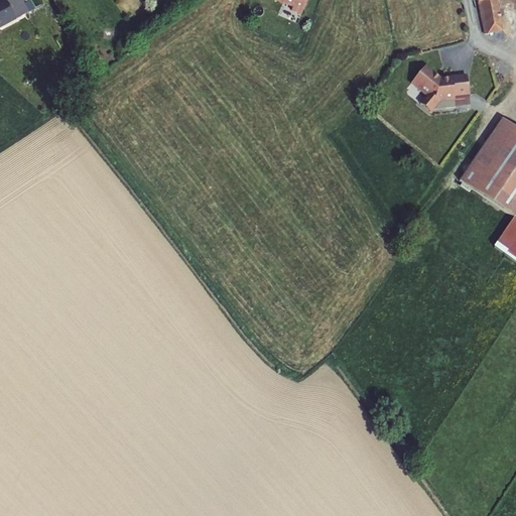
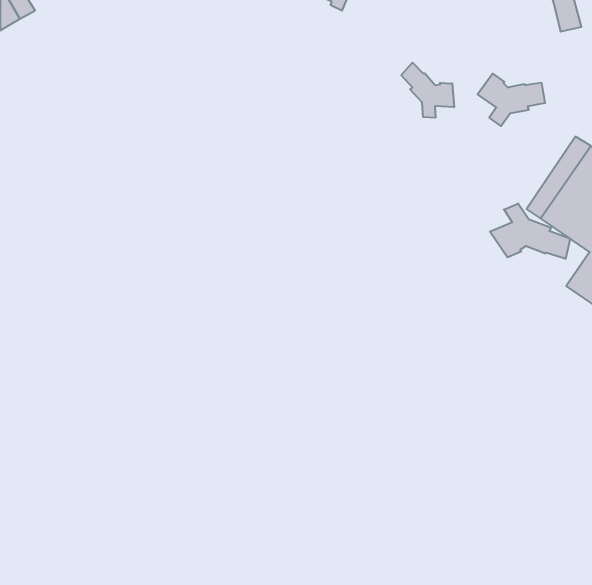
building: none -> [401,63,454,118]
building: none -> [490,203,570,259]

